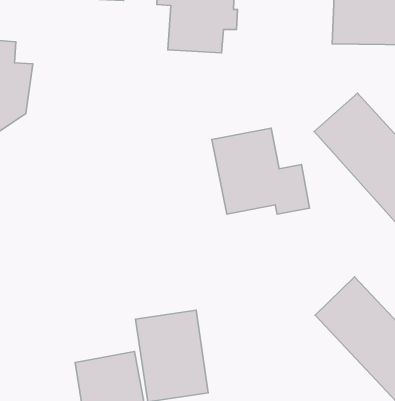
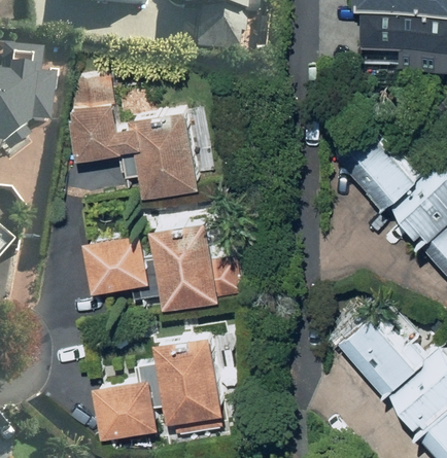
building: none -> [66,76,202,200]
building: [212,128,310,214] -> [148,220,248,308]
building: none -> [83,231,151,292]

